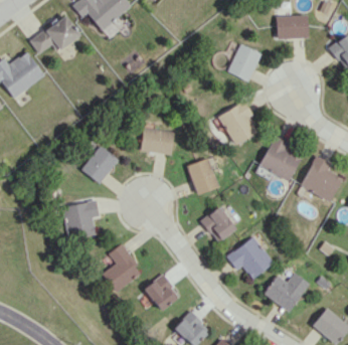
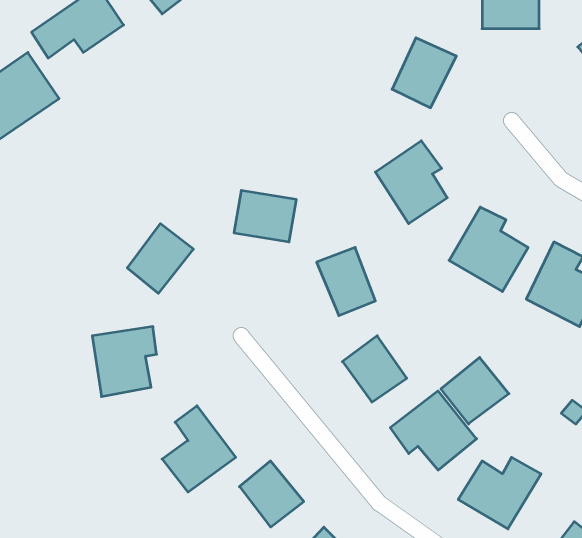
building: none -> [441,357,509,424]

